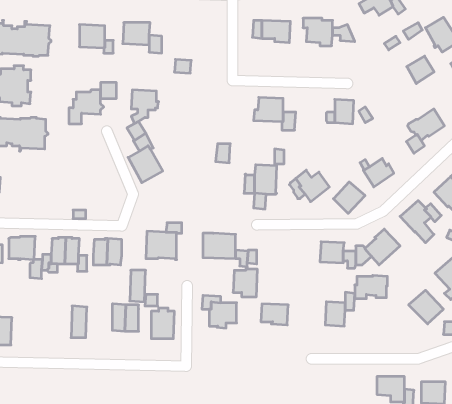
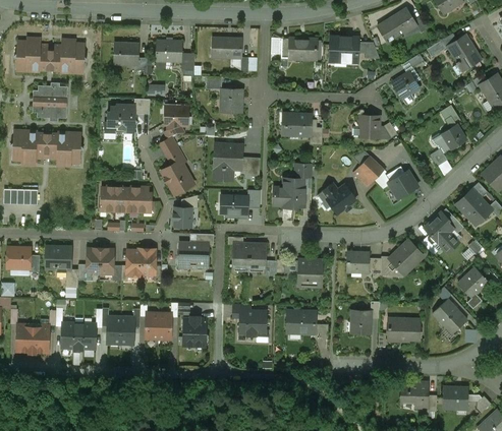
building: none -> [212,38,242,58]
building: [407,56,434,84] -> [392,72,419,99]
building: none -> [221,89,242,113]
building: none -> [214,143,242,180]
building: none -> [102,186,153,211]
building: none -> [219,194,249,216]
building: [333,182,365,213] -> [353,157,384,187]
building: none -> [172,206,193,229]
building: [233,269,257,297] -> [298,260,322,287]
building: [130,270,146,302] -> [120,315,135,346]
building: [355,275,387,299] -> [388,318,420,341]
building: none -> [61,322,96,350]

